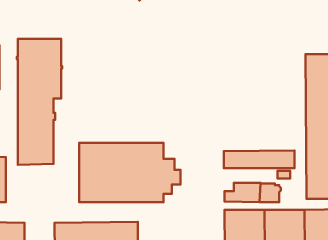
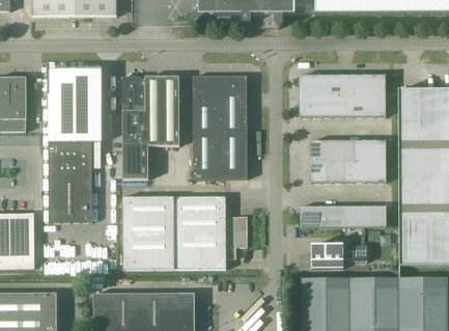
building: none -> [298,74,385,116]
building: none -> [192,75,246,177]
building: none -> [121,76,178,178]
building: none -> [309,139,385,182]

